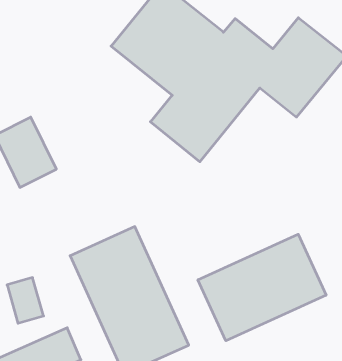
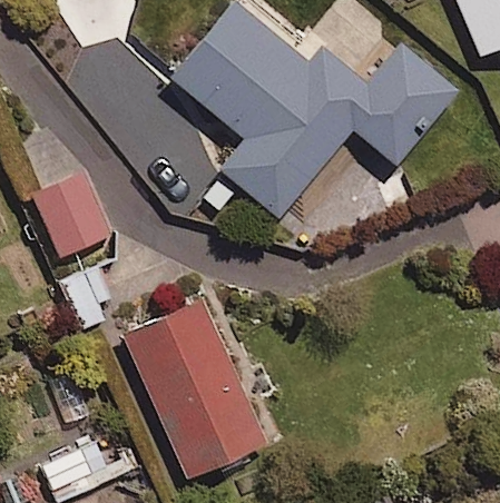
building: [198,234,326,341] -> none

